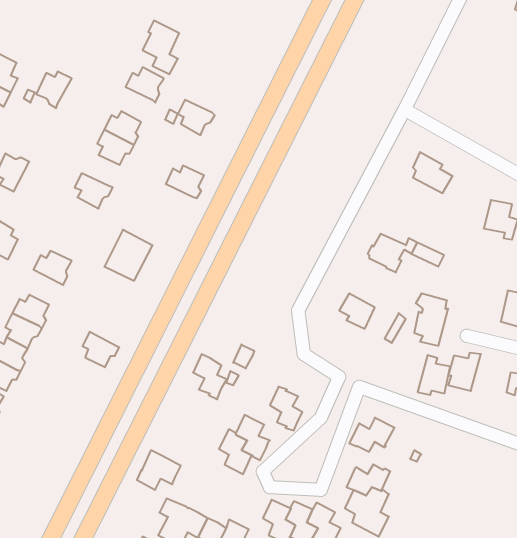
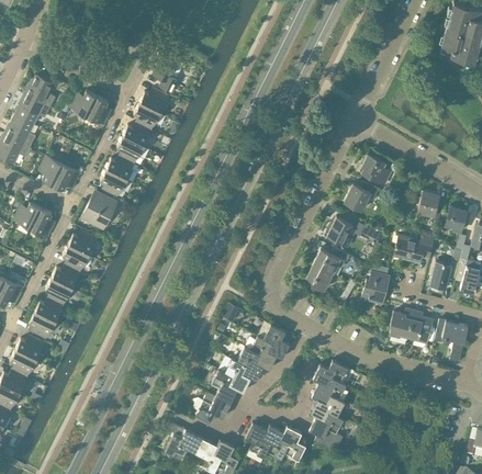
building: none -> [86,95,112,124]
building: [178,100,215,135] -> [134,102,162,129]
building: none -> [53,160,80,189]
building: [166,166,204,198] -> [105,155,135,180]
building: none -> [345,181,380,210]
building: [104,230,153,281] -> [81,190,119,229]
building: none -> [395,232,434,259]
building: none -> [313,246,350,273]
building: [82,332,119,367] -> [63,244,91,271]
building: [193,354,227,399] -> [238,346,265,381]
building: [418,355,450,395] -> [407,309,433,340]
building: none -> [264,323,290,358]
building: none -> [312,377,347,403]
building: [137,450,181,490] -> [197,391,231,421]

